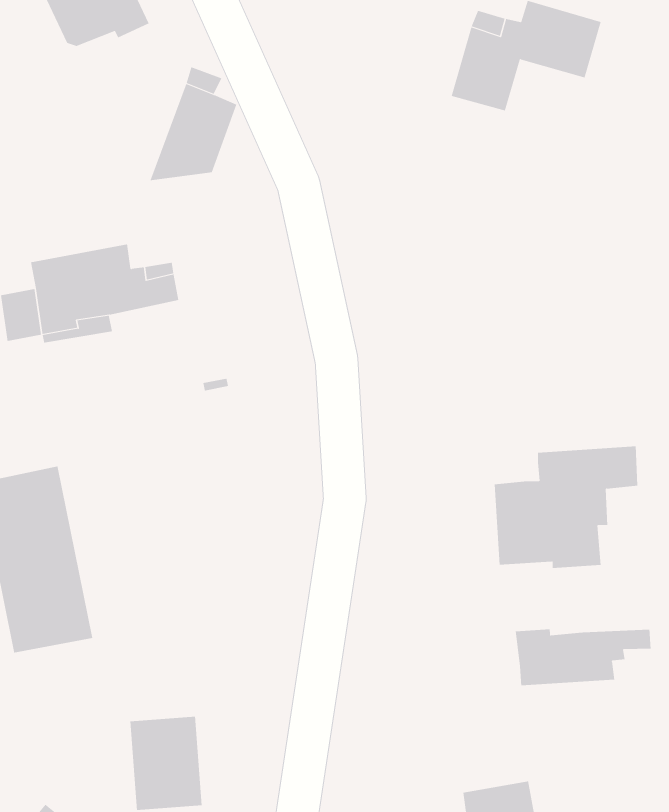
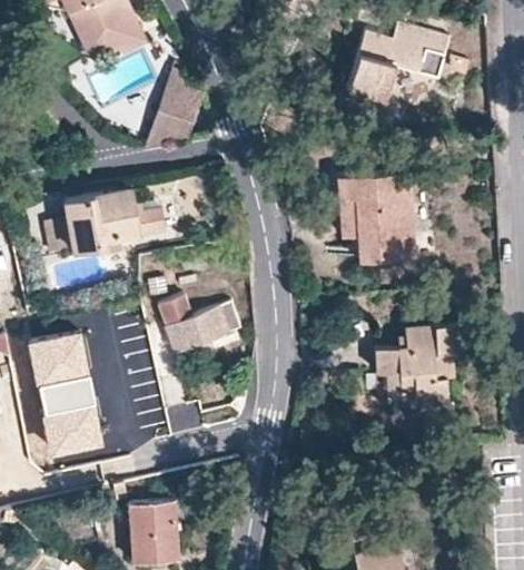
building: none -> [336,171,413,261]
building: none -> [157,295,241,352]
building: [515,629,651,686] -> none

